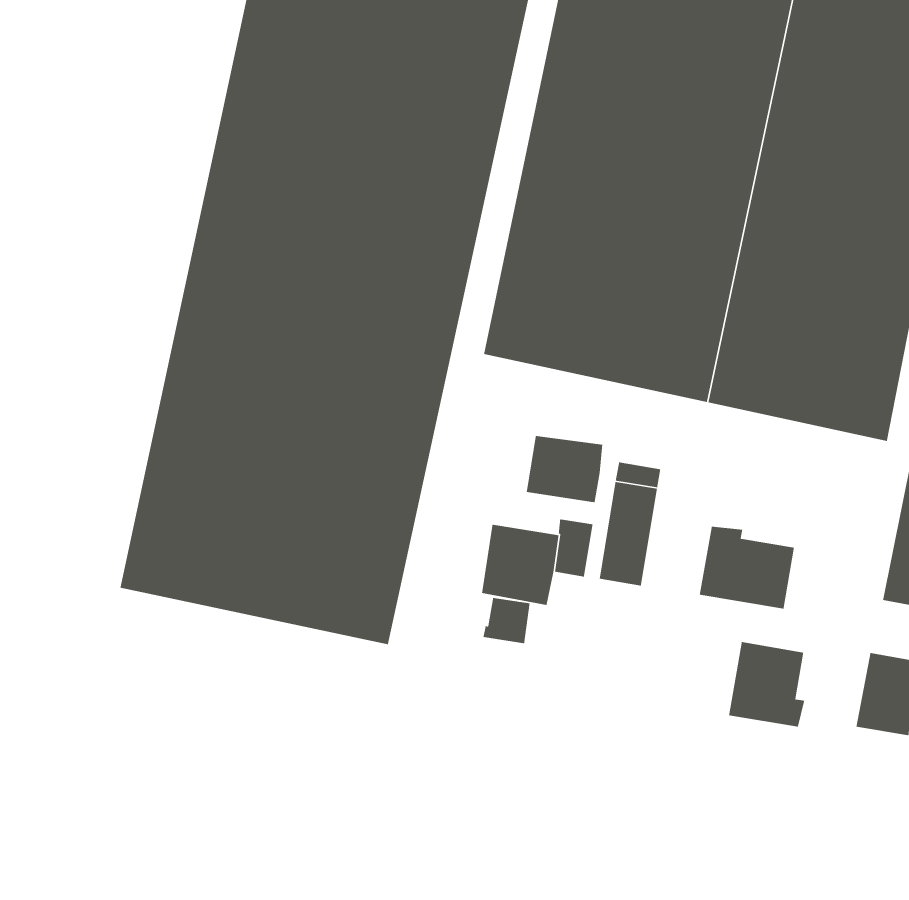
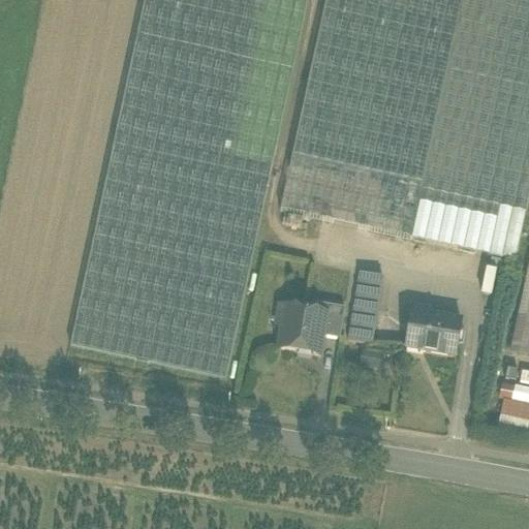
building: [526,435,603,503] -> none
building: [482,597,531,644] -> none
building: [728,641,805,727] -> none

